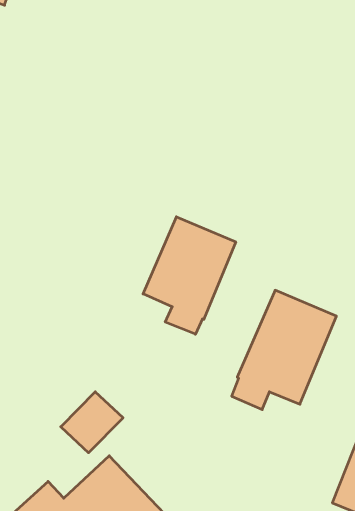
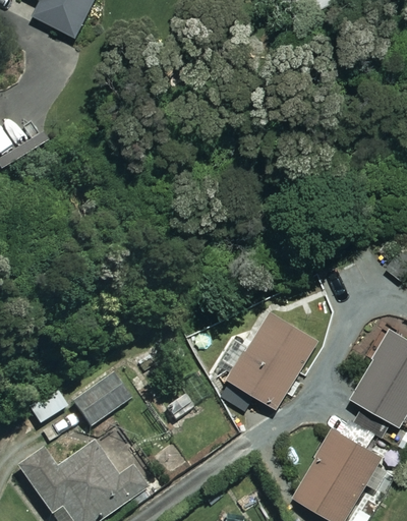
building: [143,217,236,334] -> none

